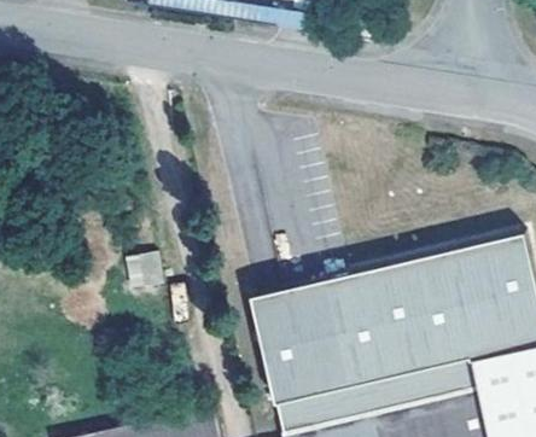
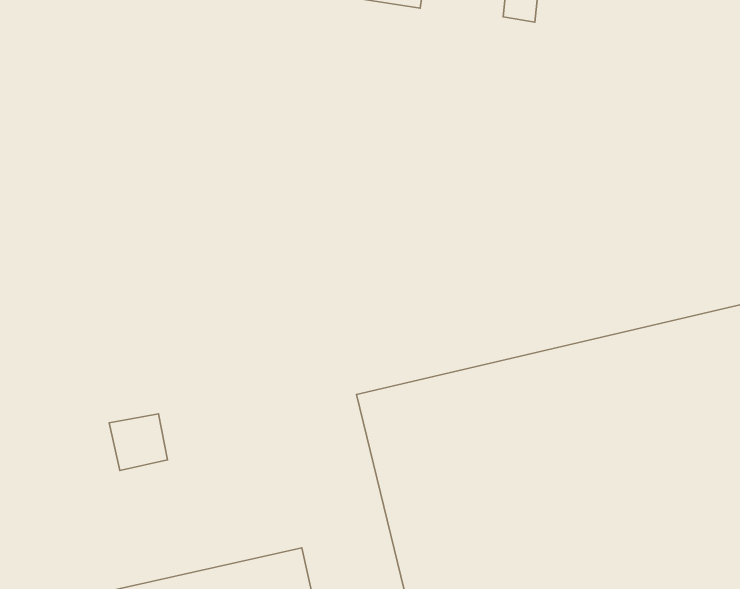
building: [121,254,161,292] -> [109,414,167,470]

